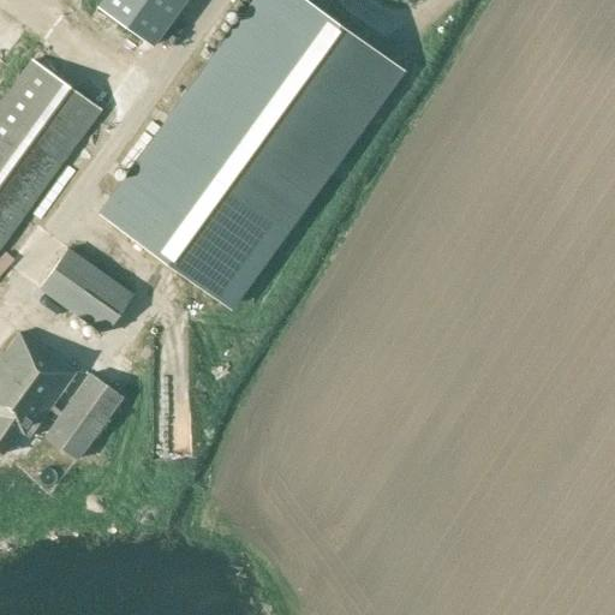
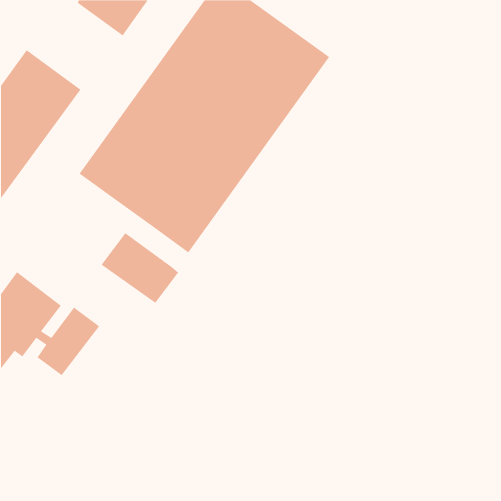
building: [37,246,133,334] -> [100,232,179,304]

